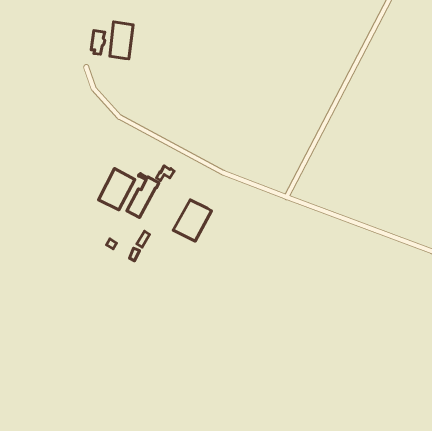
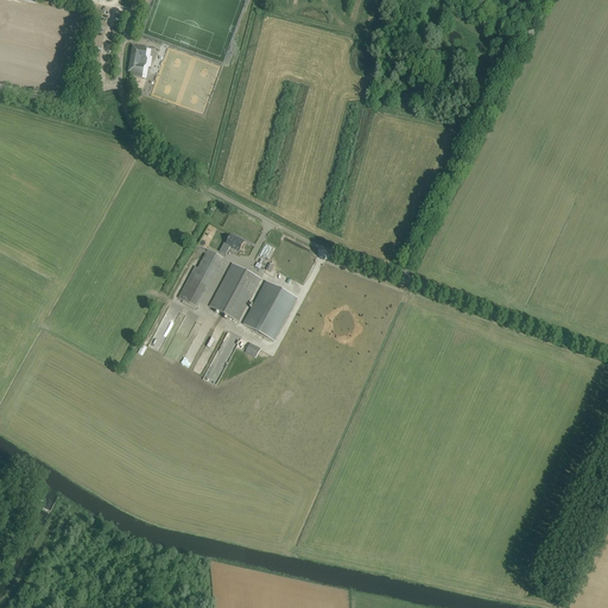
building: [110,22,133,59] -> none
building: [98,168,135,210] -> [210,261,261,319]

